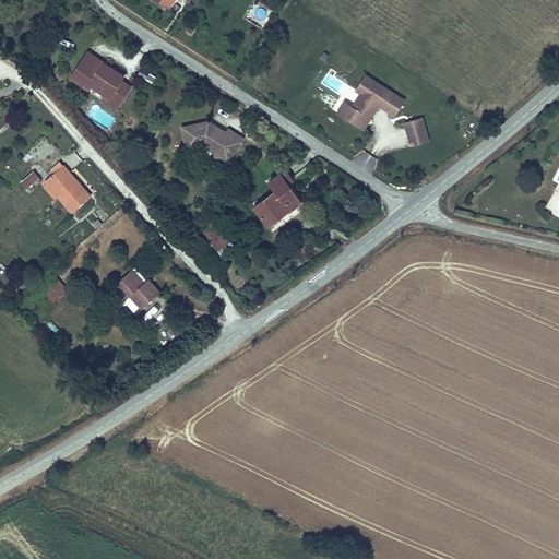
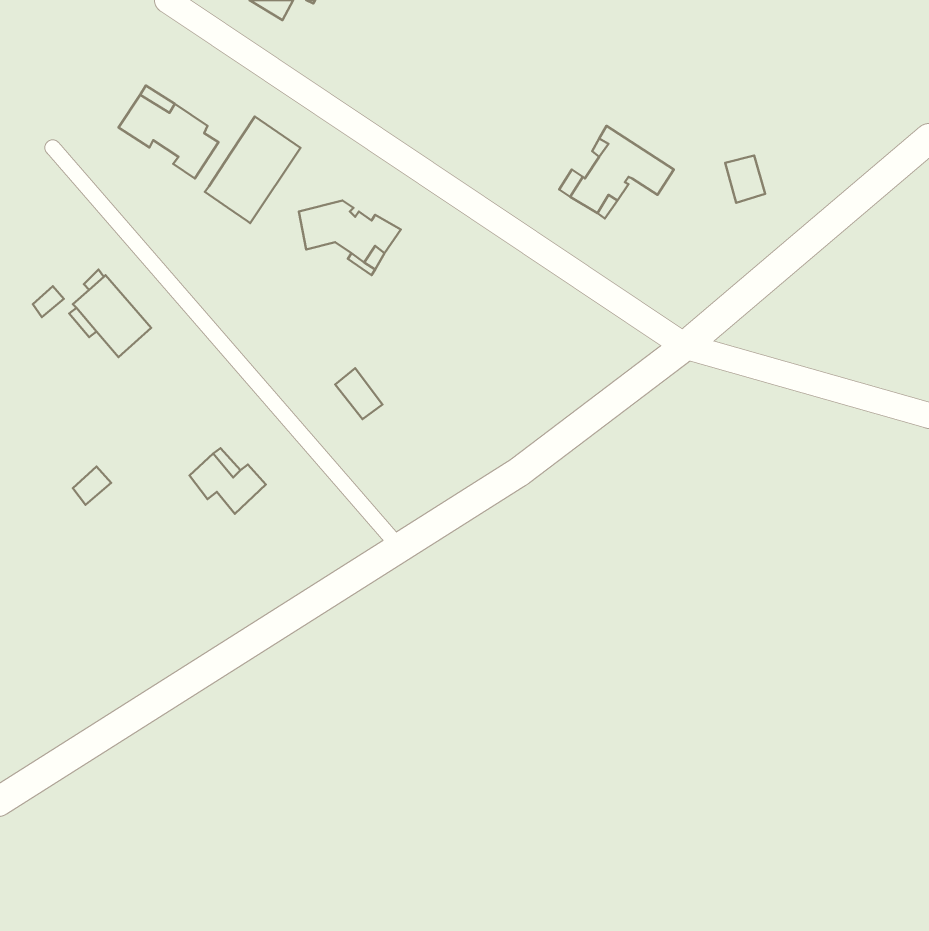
building: none -> [205,117,300,223]
building: [403,119,427,147] -> [725,155,765,203]
building: [253,167,302,226] -> none

